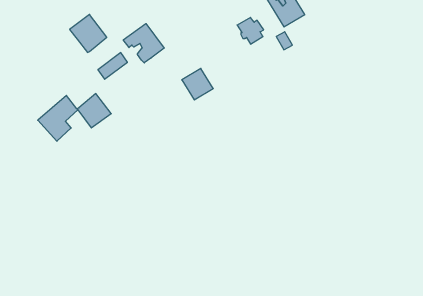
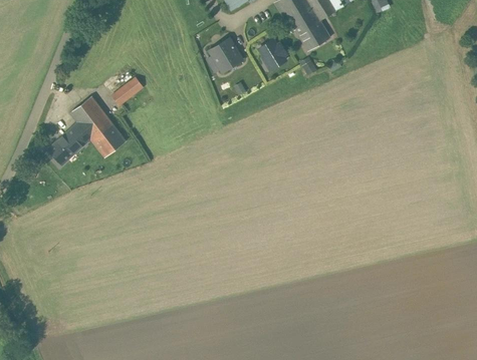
building: [70,14,107,52] -> [70,96,109,136]
building: [123,24,164,63] -> none
building: [182,68,213,100] -> [209,38,242,71]

